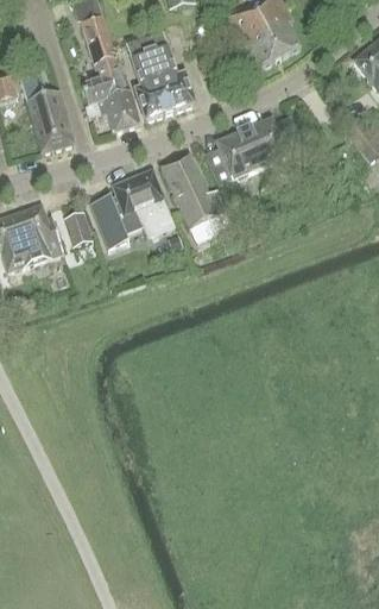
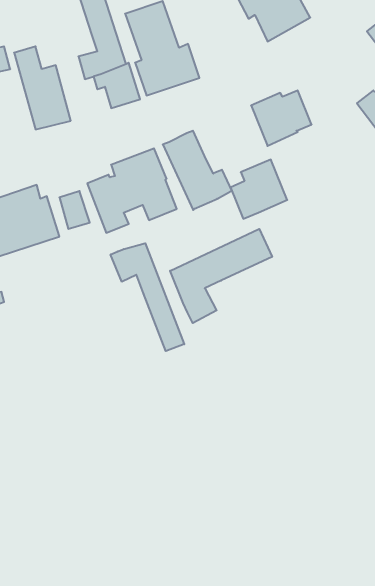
building: [206,128,259,184] -> [231,160,287,219]
building: none -> [170,229,272,323]
building: none -> [111,243,184,351]

